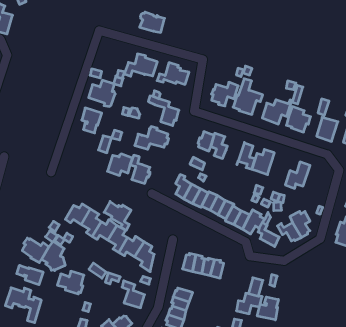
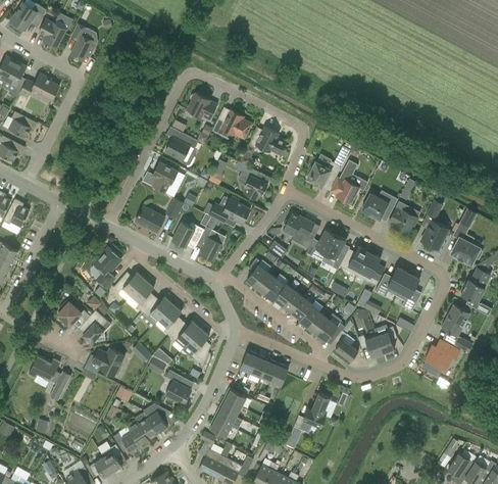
building: [140,12,165,32] -> [186,93,216,119]
building: none -> [305,229,336,258]
building: none -> [135,206,163,232]
building: none -> [356,252,384,285]
building: none -> [395,274,419,311]
building: none -> [93,248,120,288]
building: [104,201,131,230] -> none
building: [17,265,43,285] -> none
building: [257,297,278,320] -> none

